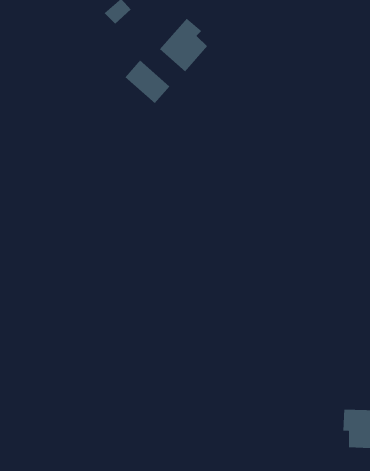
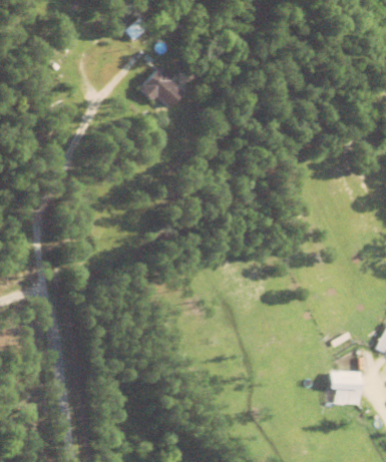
building: [159,18,208,72] -> none

